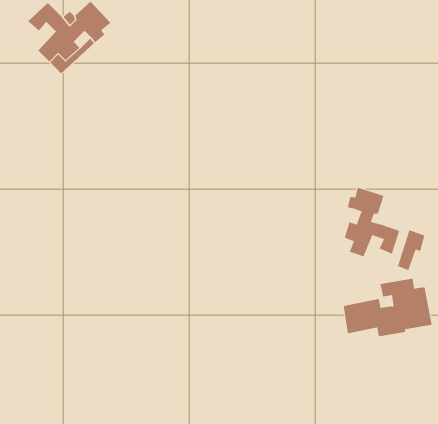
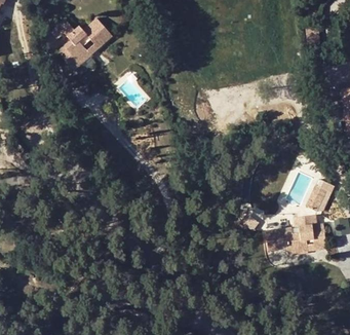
building: [344,187,400,257] -> none

